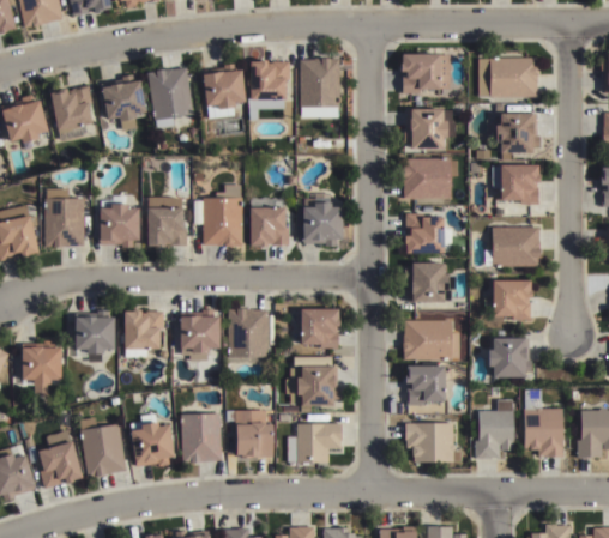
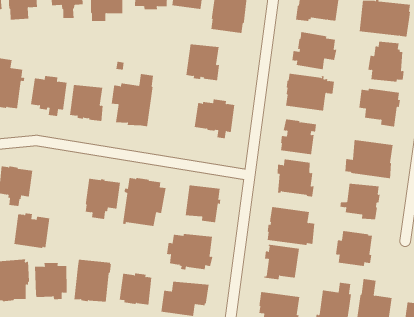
building: [249,204,289,246] -> [185,44,220,81]
building: [123,308,163,347] -> [13,213,50,248]

